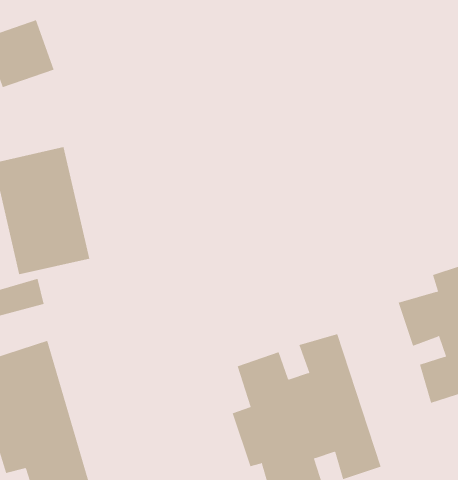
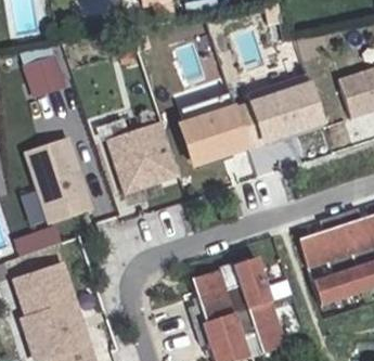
building: none -> [249,76,332,162]
building: none -> [177,94,259,165]
building: none -> [108,120,180,192]

